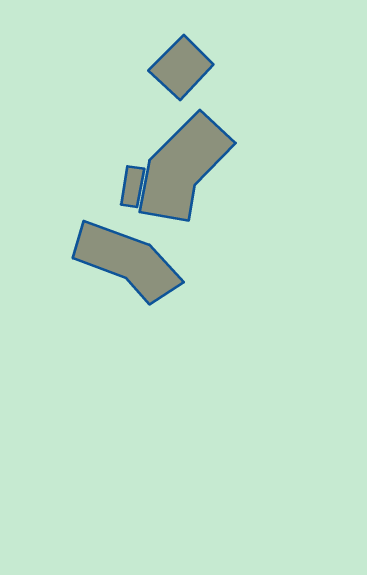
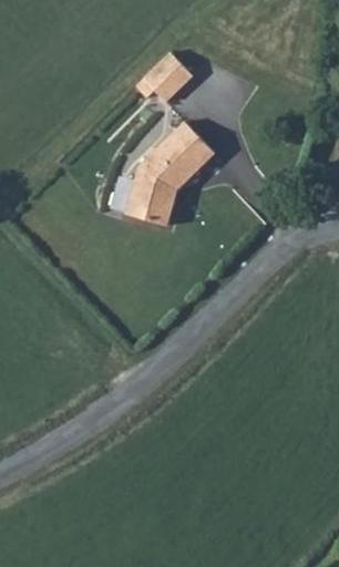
building: [73,221,184,304] -> none

